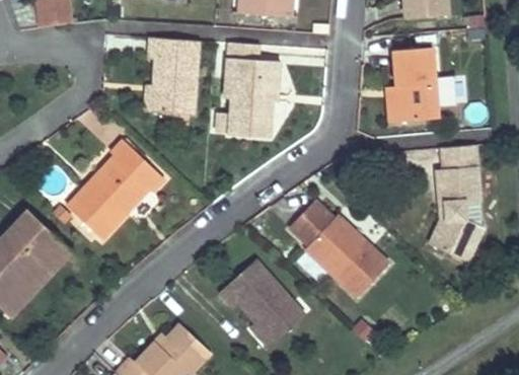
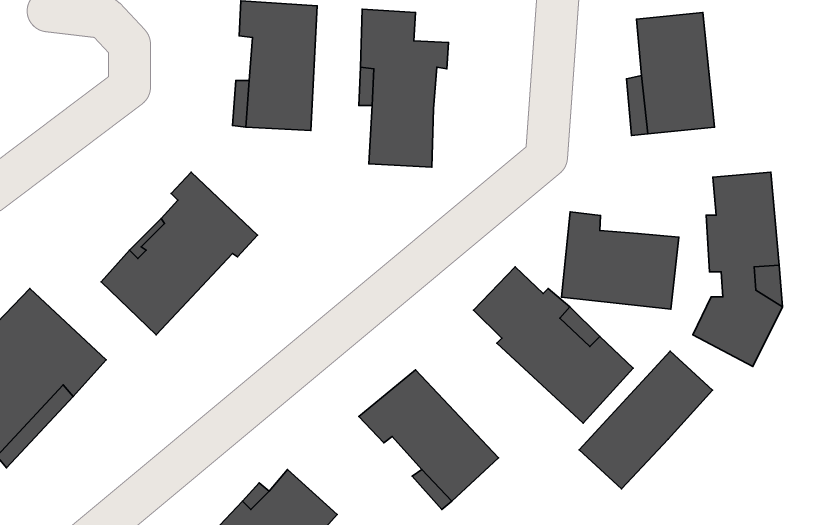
building: none -> [561,212,679,309]
building: none -> [579,351,713,489]

